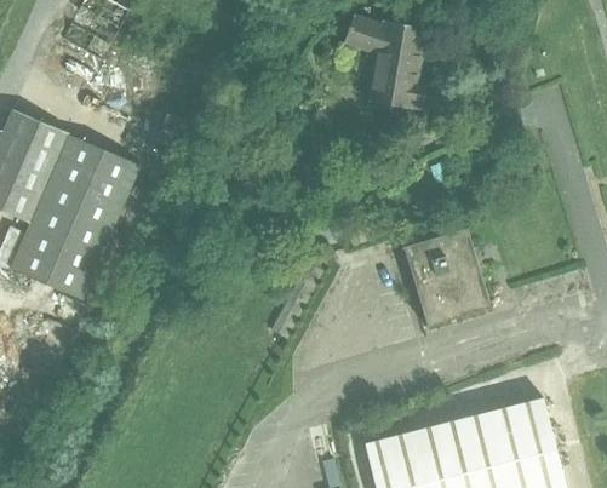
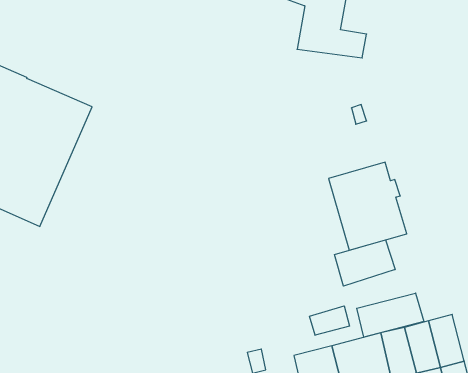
building: none -> [335,240,395,286]
building: none -> [357,293,424,337]
building: none -> [309,306,349,335]

